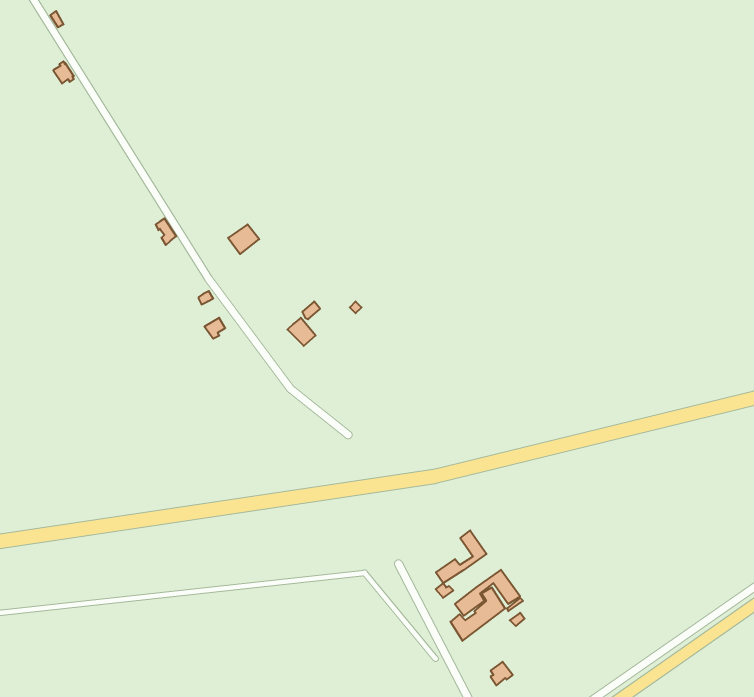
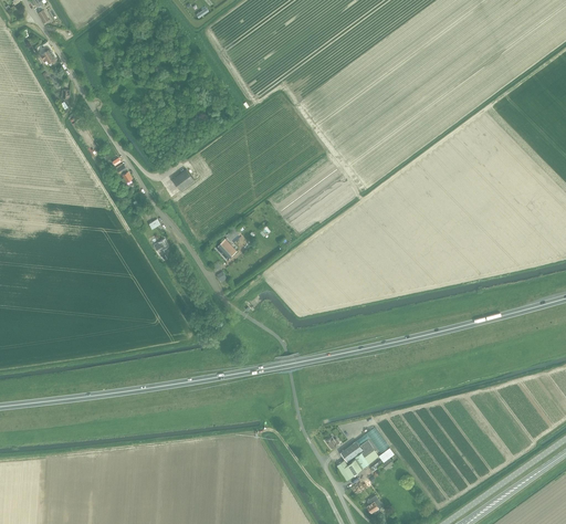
building: [436,530,487,583] -> none

